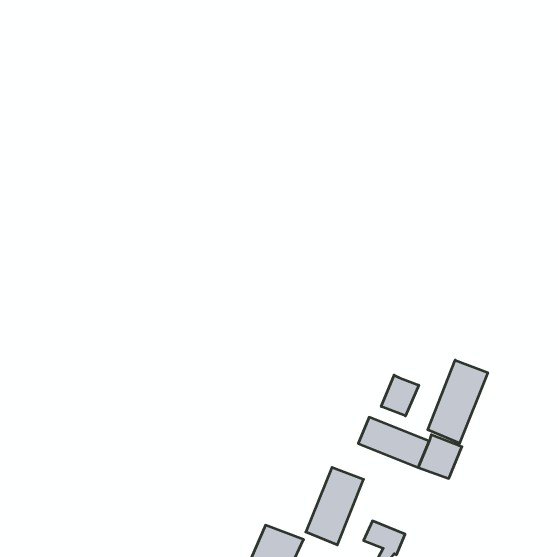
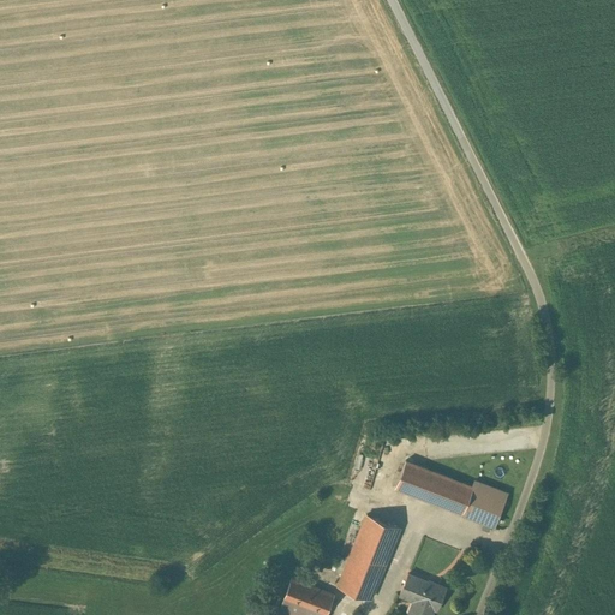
building: [428,360,488,443] -> none
building: [381,375,419,416] -> none

